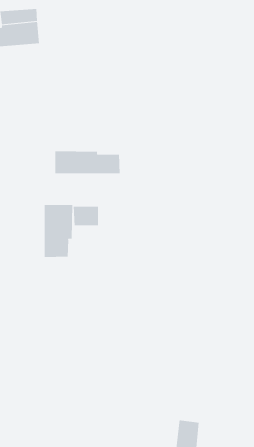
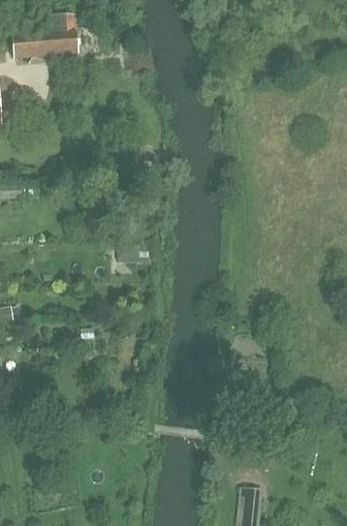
building: [55,151,120,174] -> none
building: [44,204,73,258] -> none

